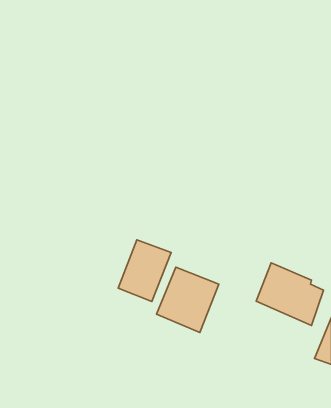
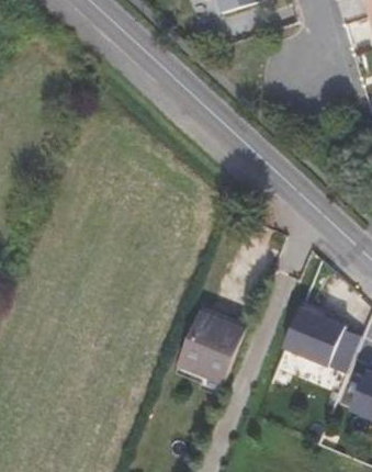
building: [118,240,171,302] -> none

